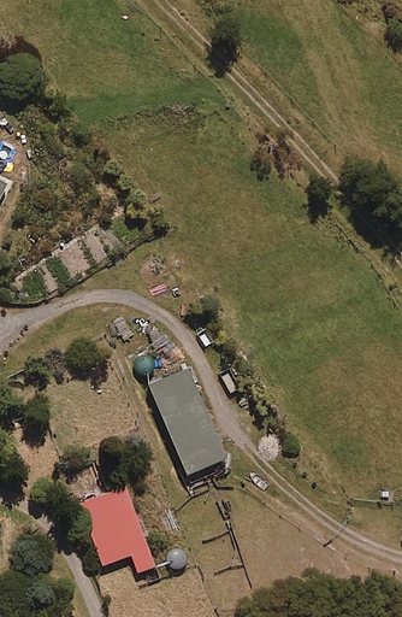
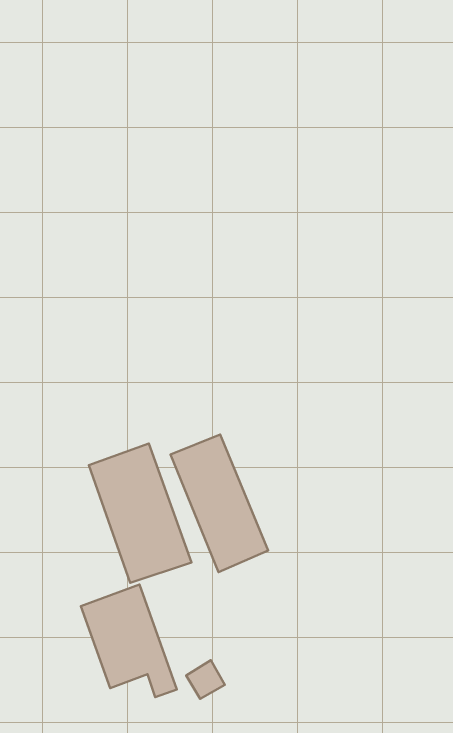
building: none -> [89,444,191,583]

